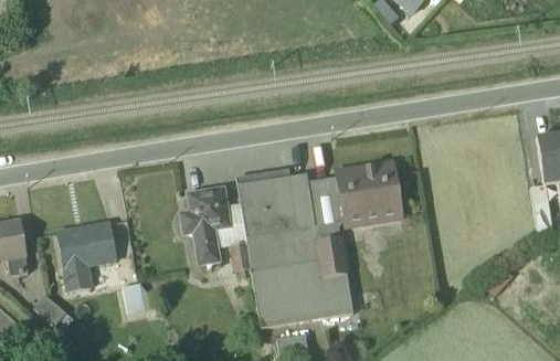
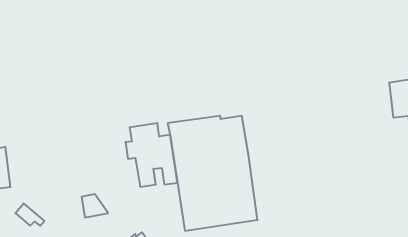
building: [335,159,401,227] -> none
building: [57,222,113,291] -> none

